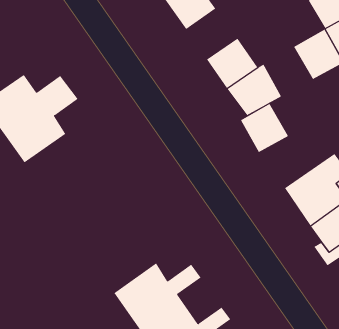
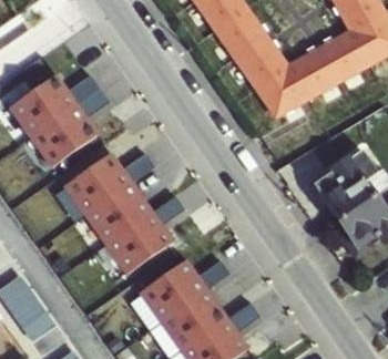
building: none -> [214,10,265,60]
building: [240,103,289,153] -> [290,48,338,96]
building: none -> [68,152,183,270]

